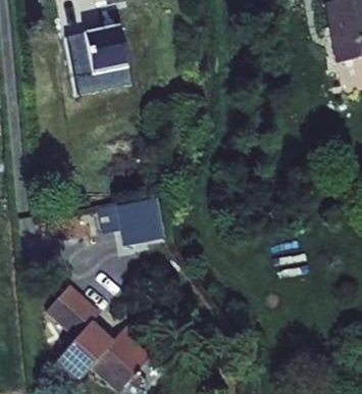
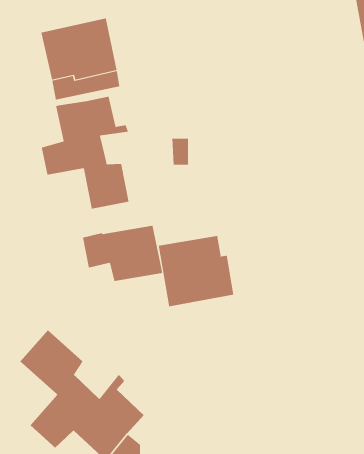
building: none -> [41,96,129,209]
building: none -> [158,235,234,307]

